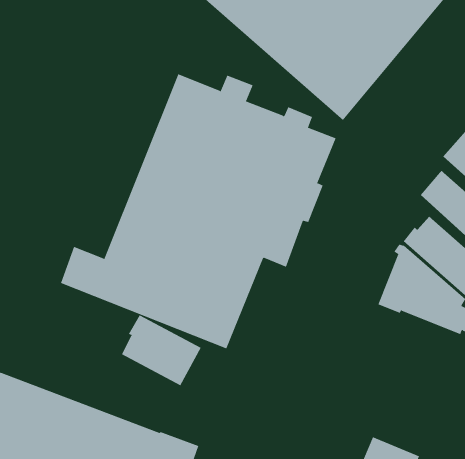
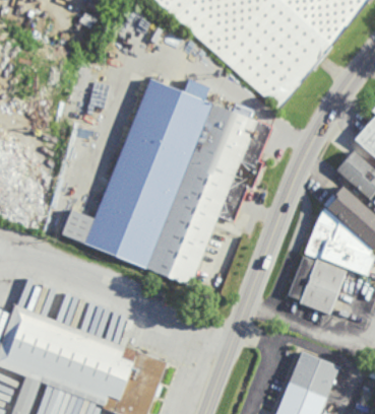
building: none -> [287,256,353,316]
building: [121,315,201,386] -> none

